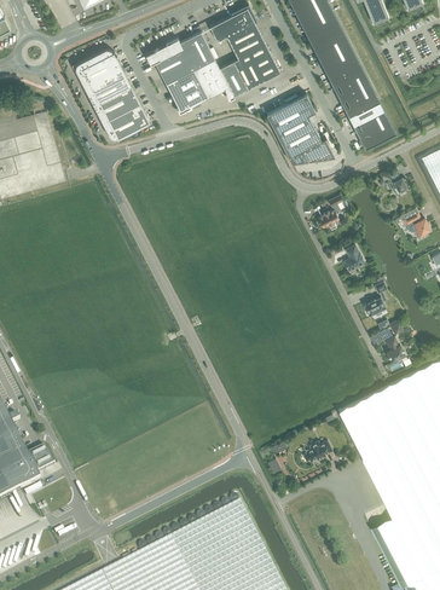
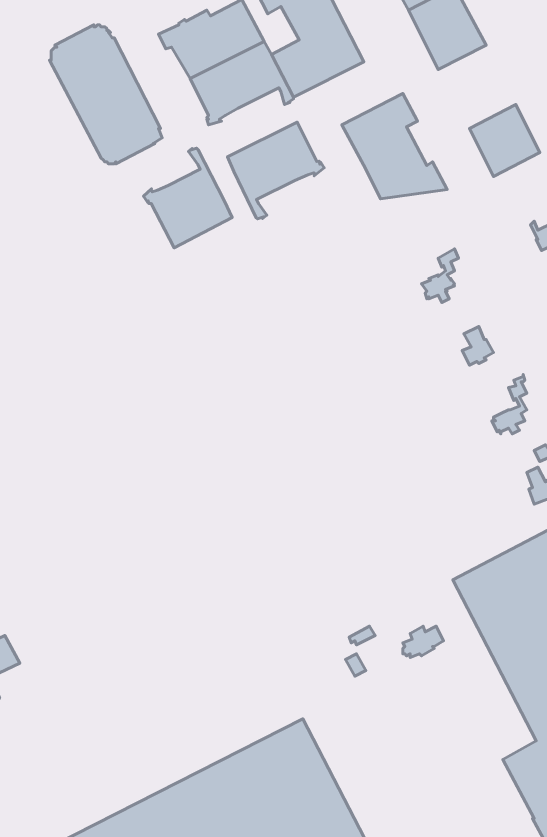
building: [328,60,378,115] -> none
building: none -> [227,122,324,219]
building: none -> [144,148,232,248]

